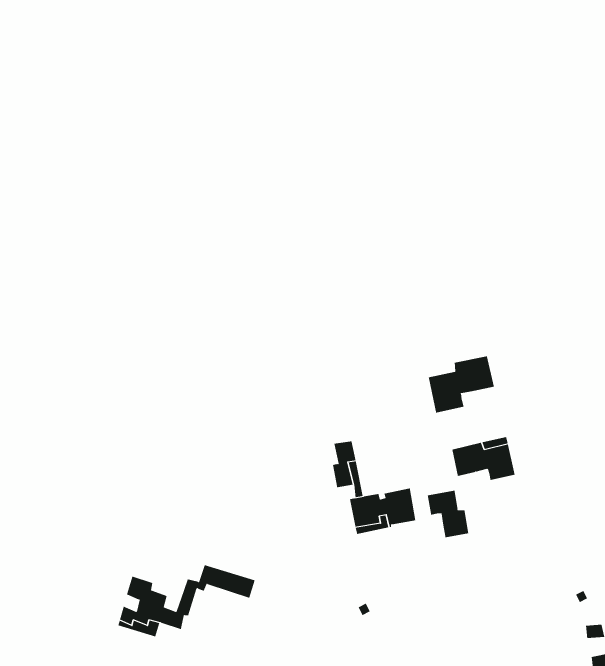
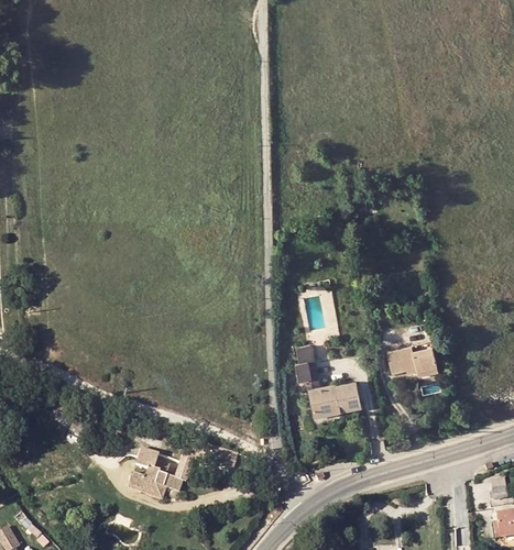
building: [428,356,495,414] -> none
building: [427,490,469,538] -> none

